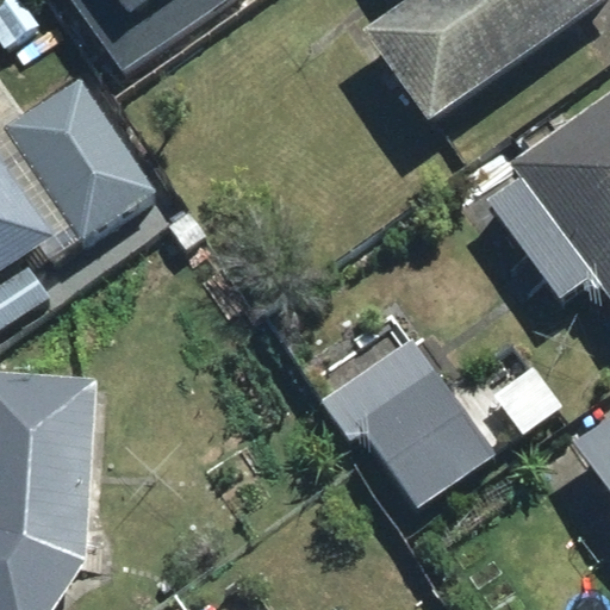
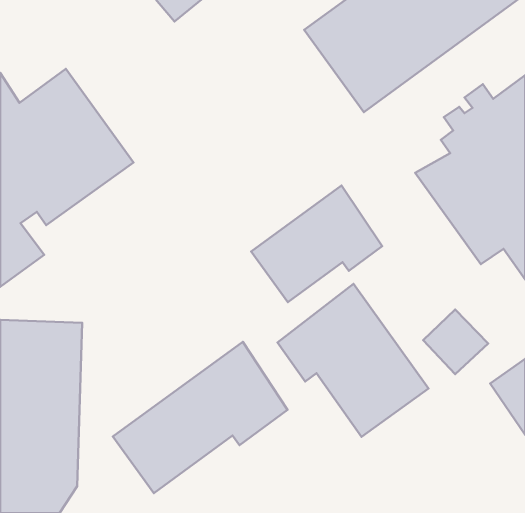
building: none -> [251,186,382,302]
building: none -> [113,342,288,493]

